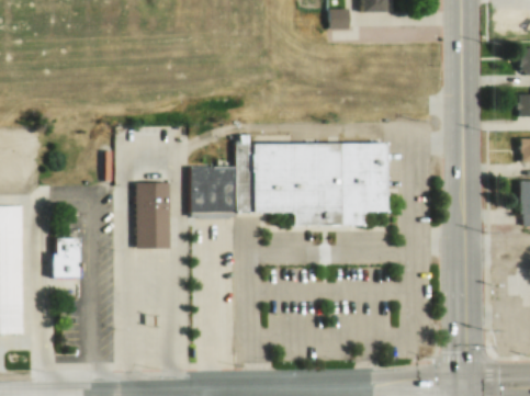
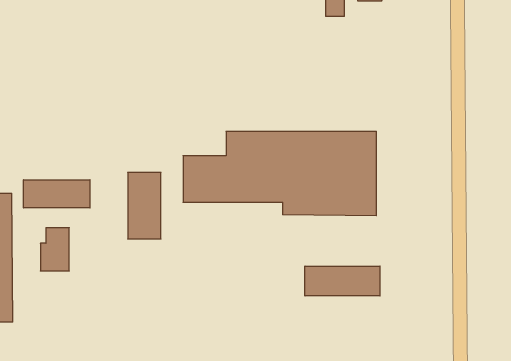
building: none -> [24,180,90,208]
building: none -> [305,266,380,296]

